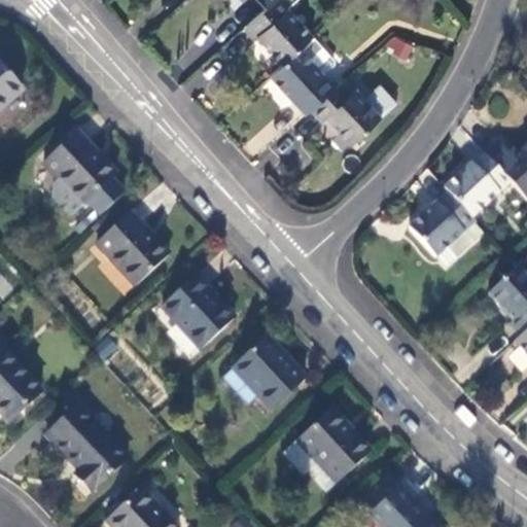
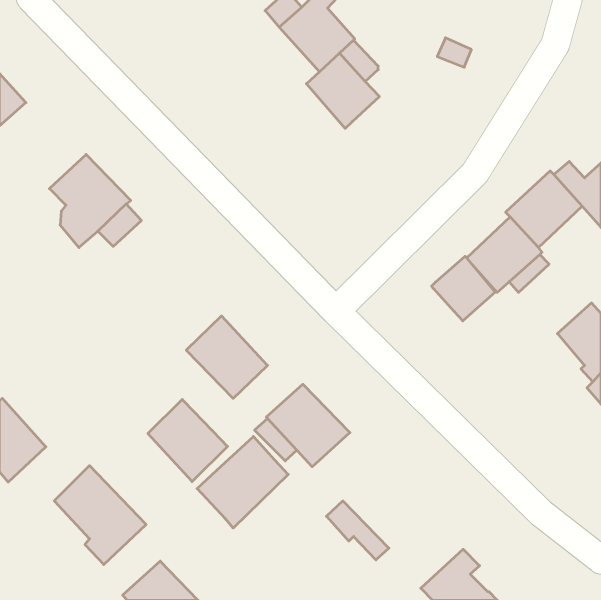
building: [308,74,379,142] -> none
building: [98,212,168,283] -> none
building: none -> [432,256,495,321]
building: none -> [148,399,228,482]
building: none -> [197,436,288,528]
building: [300,410,368,479] -> none

